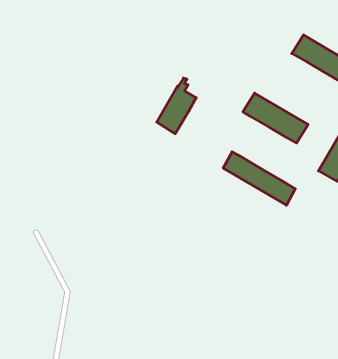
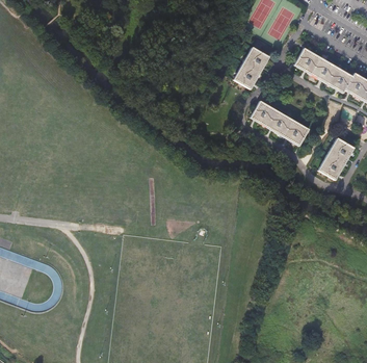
building: [157,78,196,134] -> [234,38,269,88]
building: [223,152,295,205] -> none

